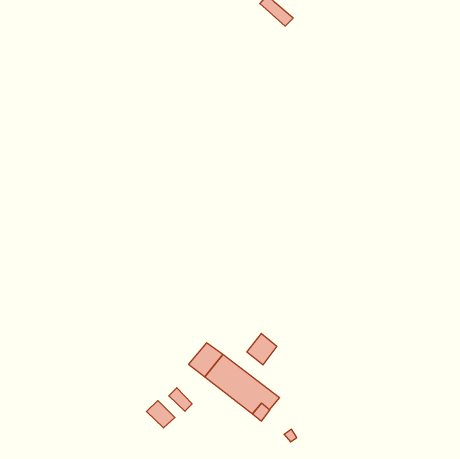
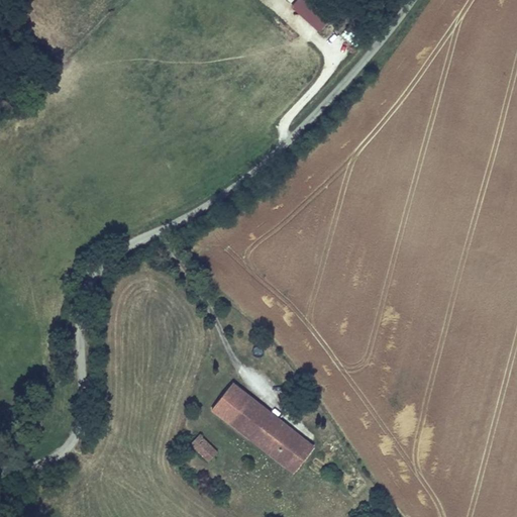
building: [247,333,277,365] -> none
building: [146,401,175,428] -> none

